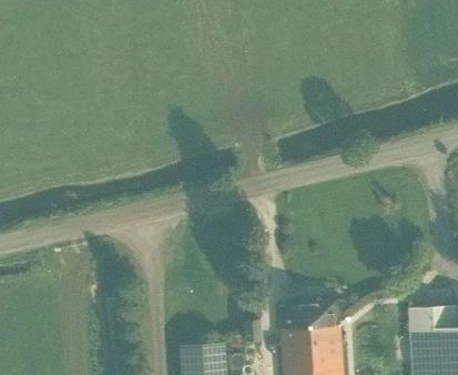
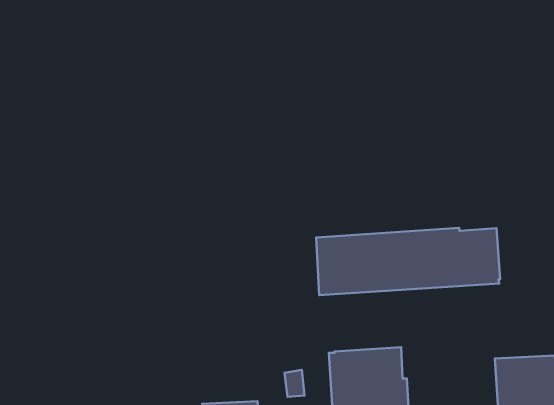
building: none -> [316,228,500,295]

